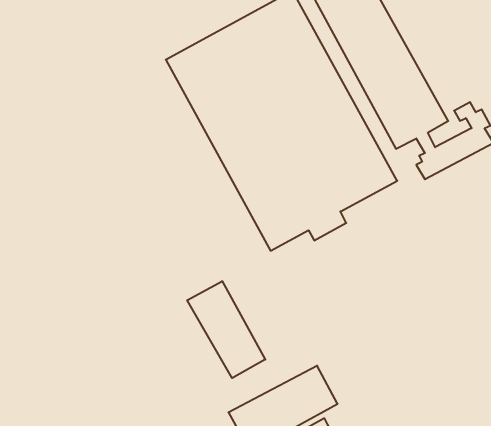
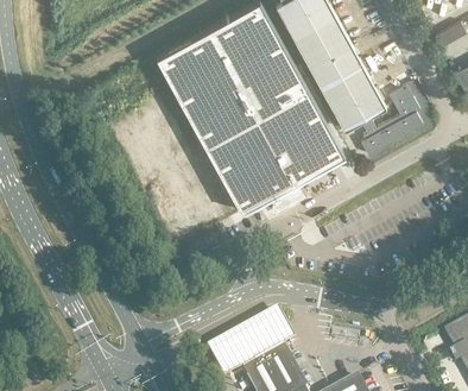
building: [187,281,265,378] -> none

